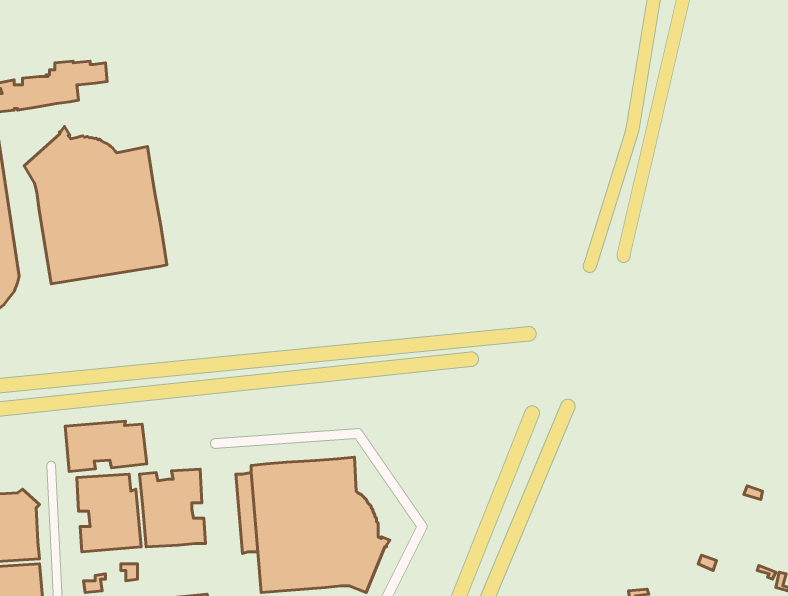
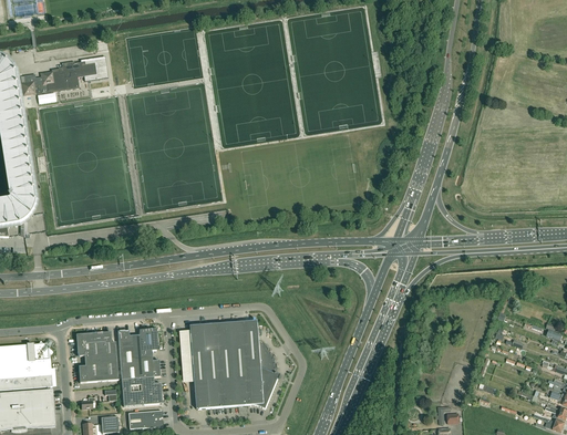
building: [24,126,167,284] -> none
building: [65,421,147,471] -> none
building: none -> [121,376,161,406]

